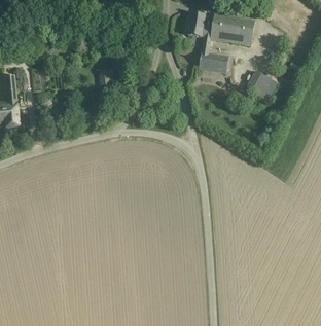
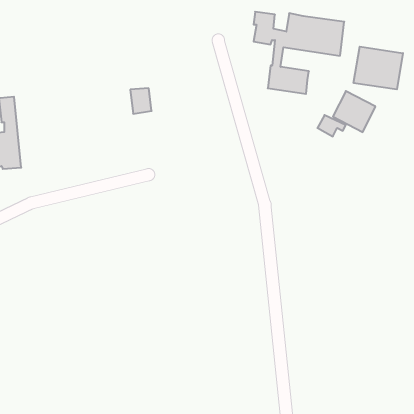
building: none -> [354,47,403,89]

